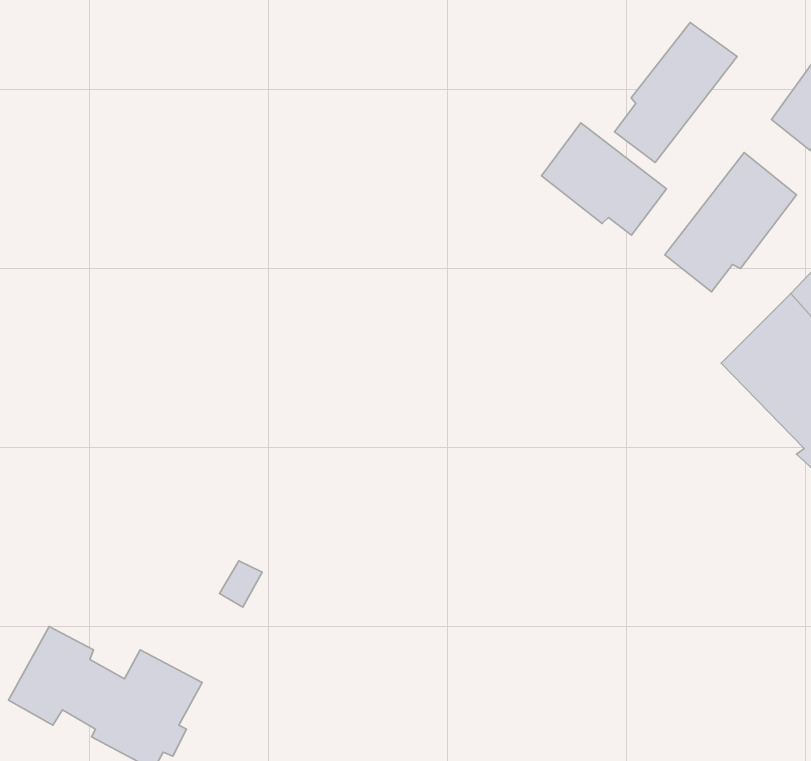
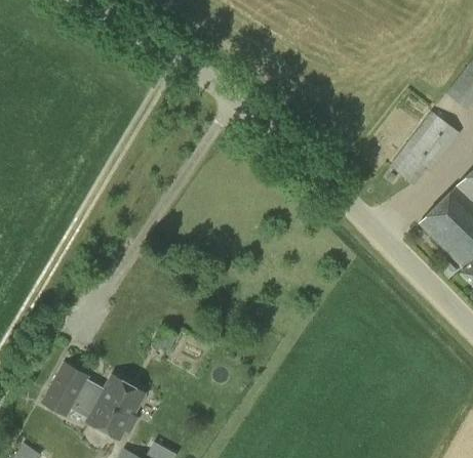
building: [614,22,737,163] -> none
building: [542,123,666,235] -> none

